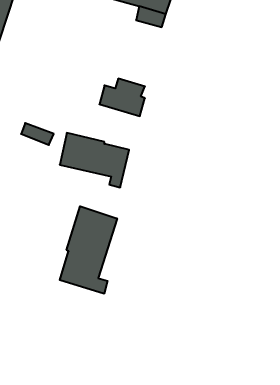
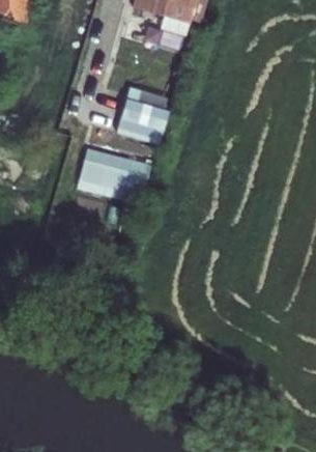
building: [60,206,117,294] -> none

